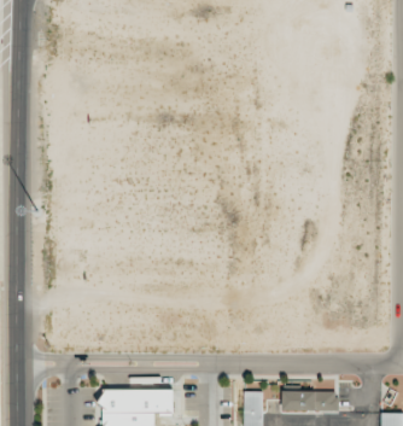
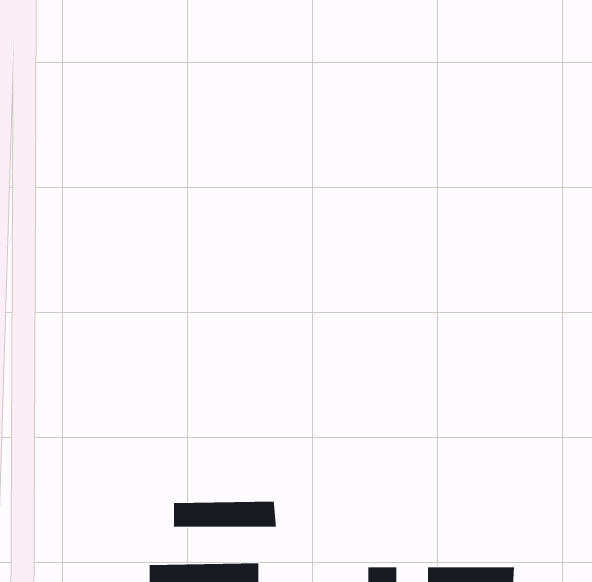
building: none -> [173,501,276,528]

